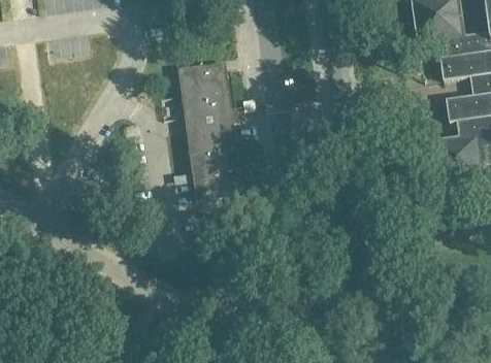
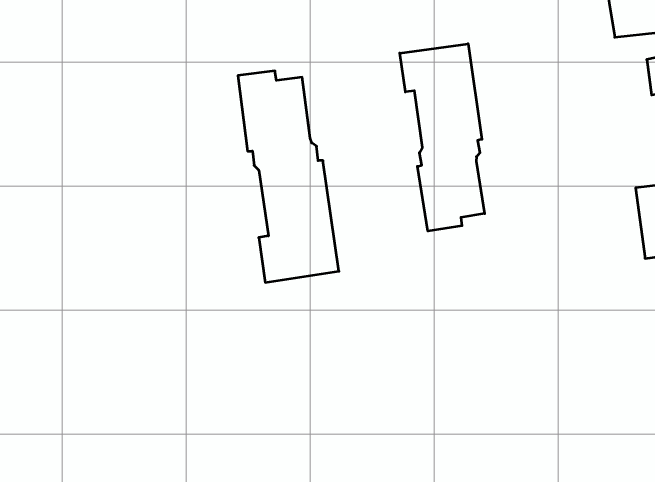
building: none -> [400,44,485,231]

